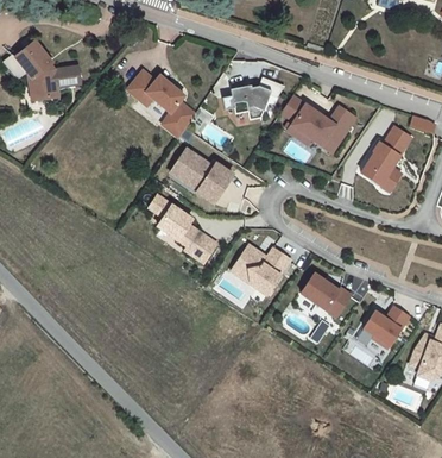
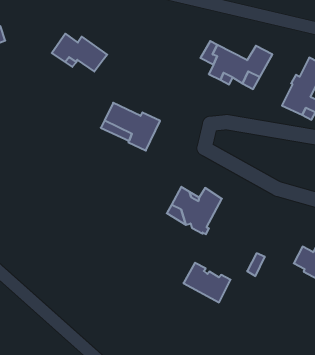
building: [223,80,286,121] -> none
building: [159,105,194,142] -> none
building: [149,199,215,265] -> none
building: [299,276,349,320] -> [183,263,231,302]

